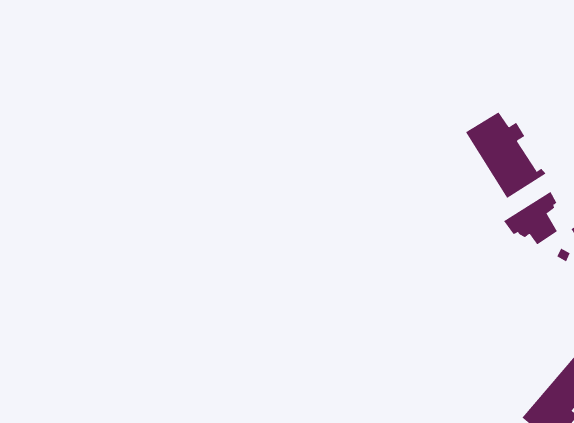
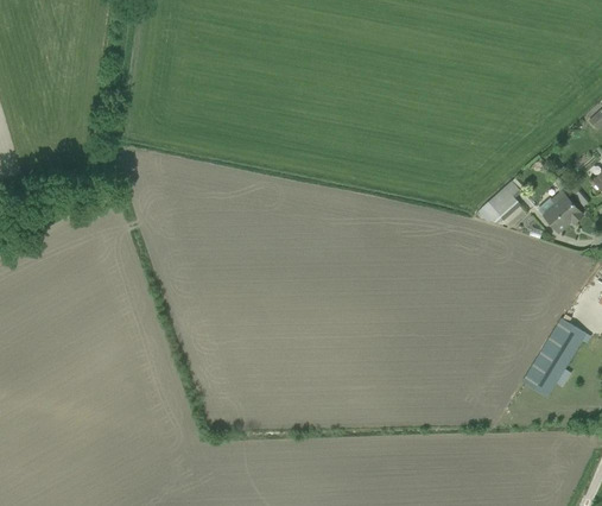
building: [465,112,547,199] -> none

